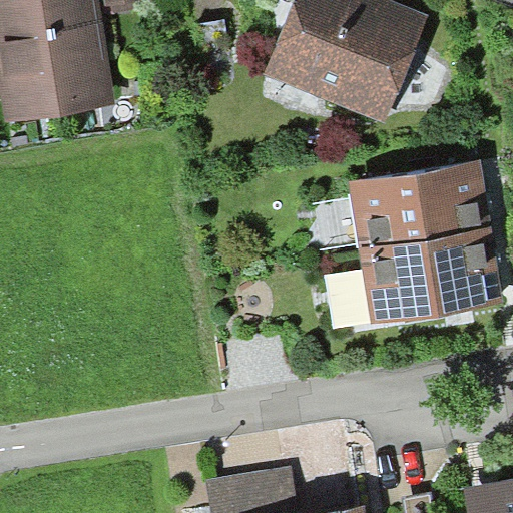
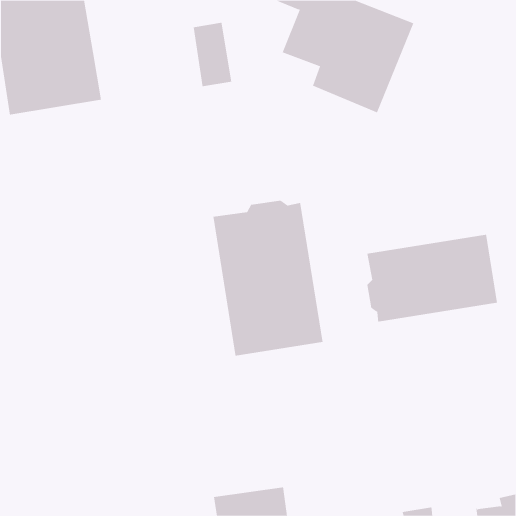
building: [351,165,483,251] -> none
building: none -> [213,200,323,356]

